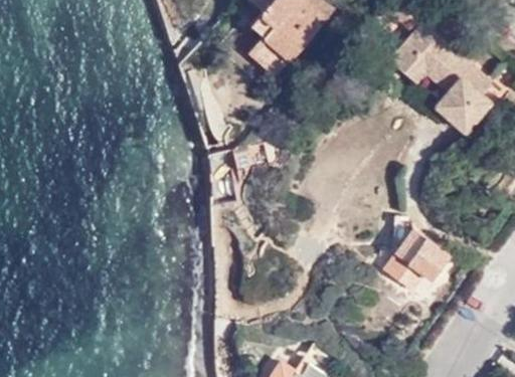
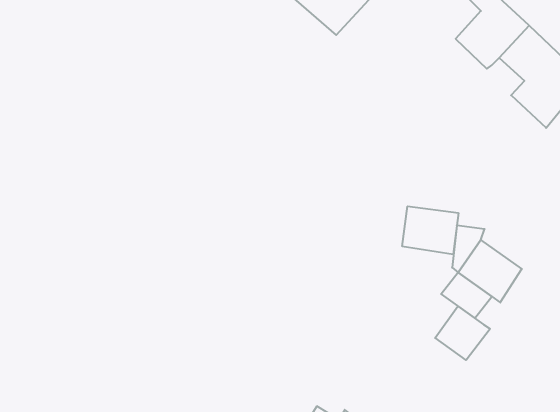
building: [249,33,292,74] -> none
building: none -> [402,206,458,254]
building: none -> [435,306,490,360]

